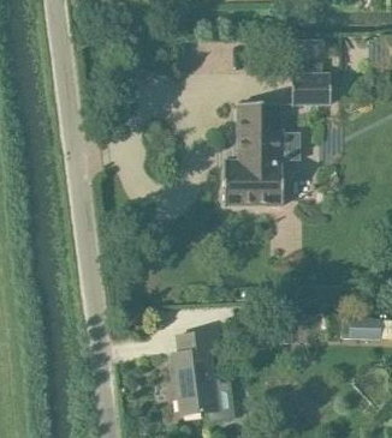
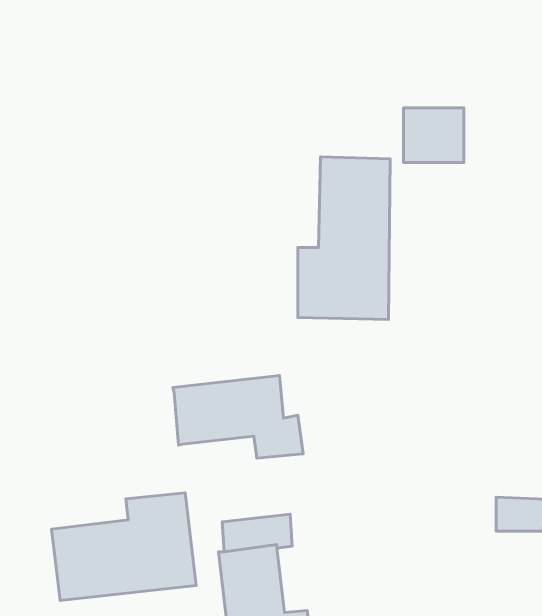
building: none -> [173,376,303,458]
building: none -> [51,493,196,601]

